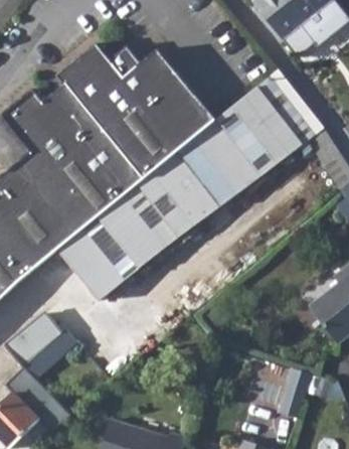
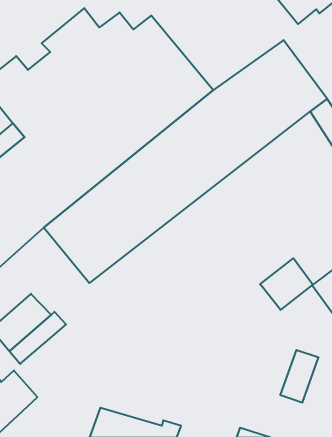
building: none -> [260,258,313,310]

